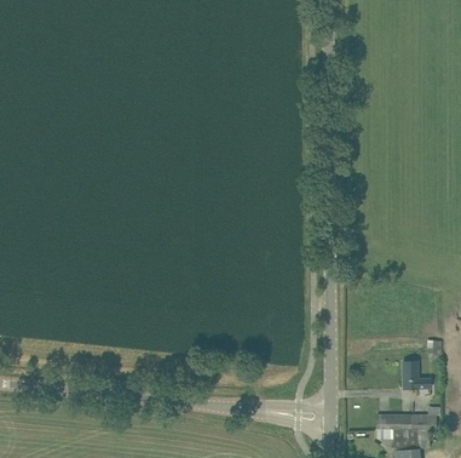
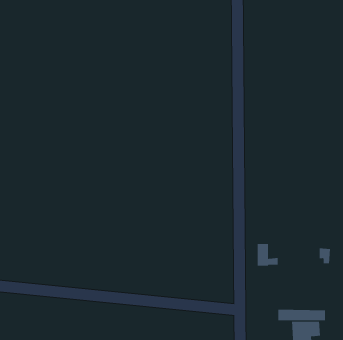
building: [404,361,431,389] -> [257,244,279,266]

